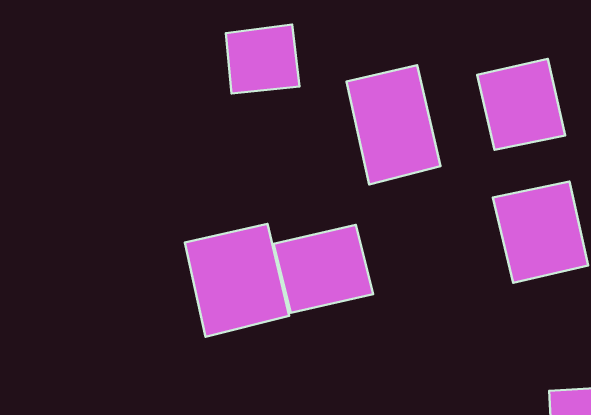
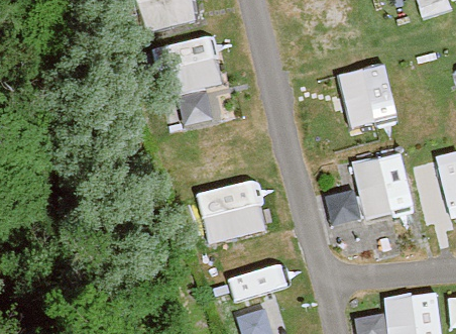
building: [346,65,441,184] -> none
building: [185,224,289,337] -> none

